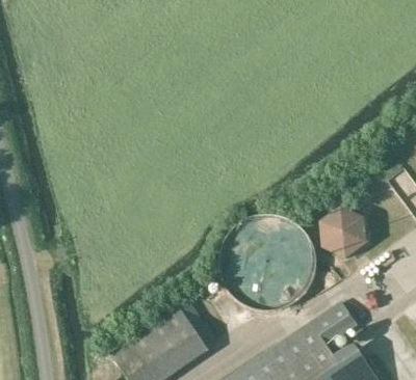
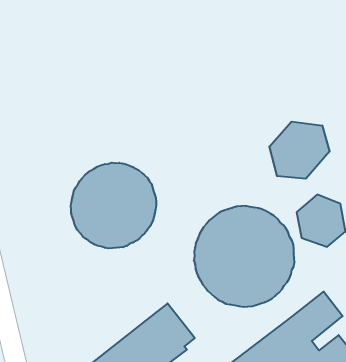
building: none -> [269,122,330,179]
building: none -> [71,163,156,248]

